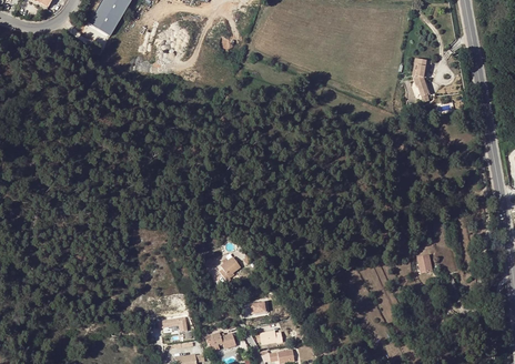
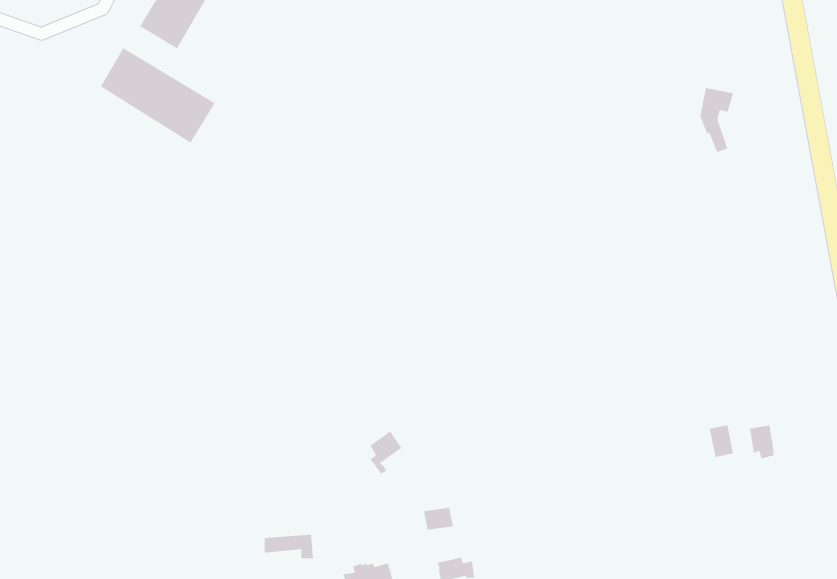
building: none -> [100,47,215,143]

